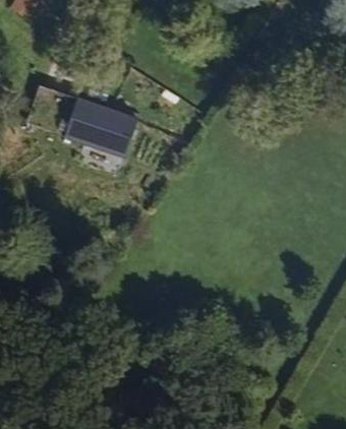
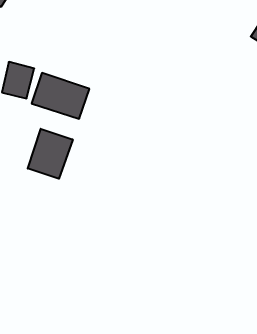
building: none -> [28,129,73,179]

